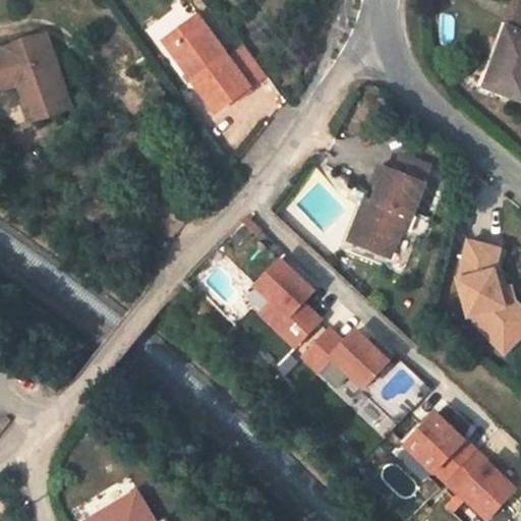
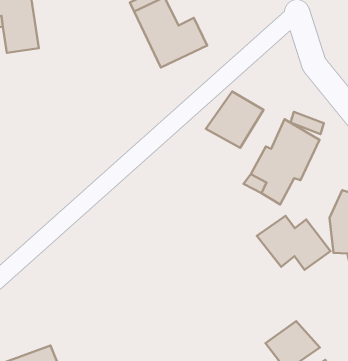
building: none -> [206,91,263,148]
building: [250,255,324,347] -> none
building: [298,325,393,389] -> [257,216,331,270]

